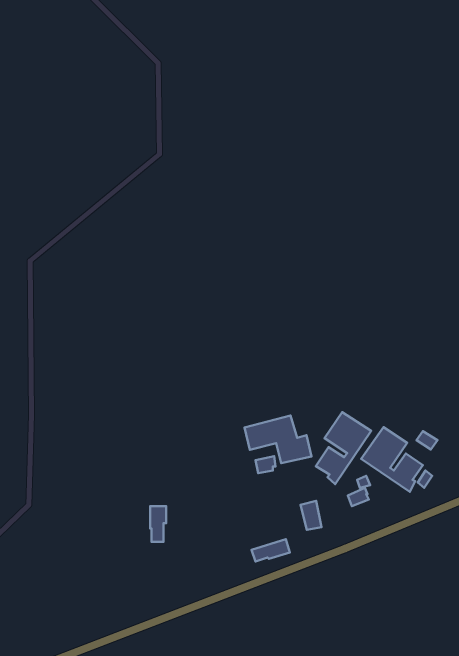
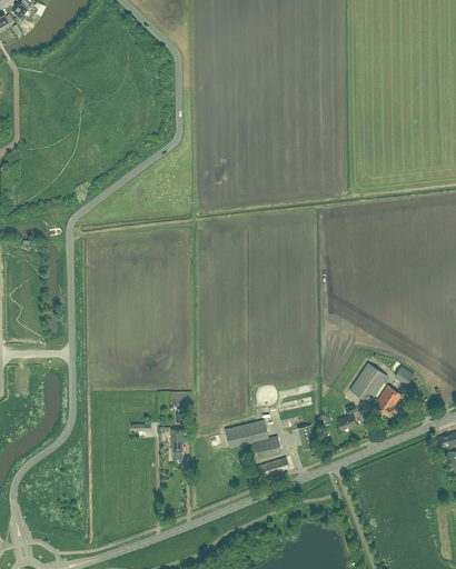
building: [316,412,371,484] -> none
building: [244,416,312,463] -> [225,419,281,459]

